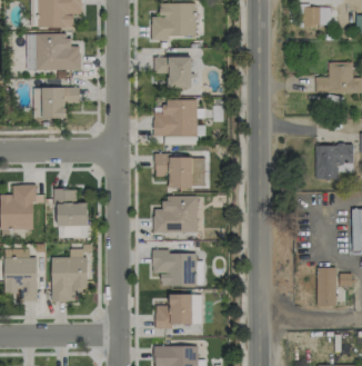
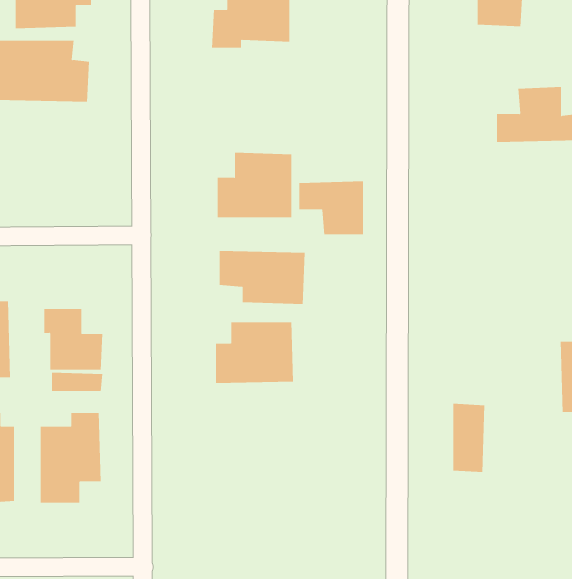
building: [154,57,192,88] -> [298,181,364,235]
building: [42,87,80,118] -> none
building: [315,145,354,179] -> none
building: [152,251,198,285] -> none
building: [318,267,336,307] -> [452,403,485,473]
building: [155,295,202,326] -> none

